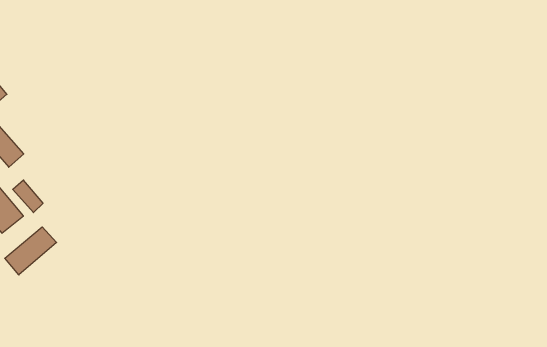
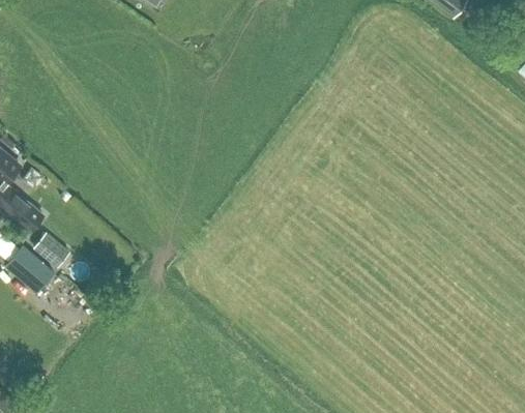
building: [5,227,57,275] -> none

